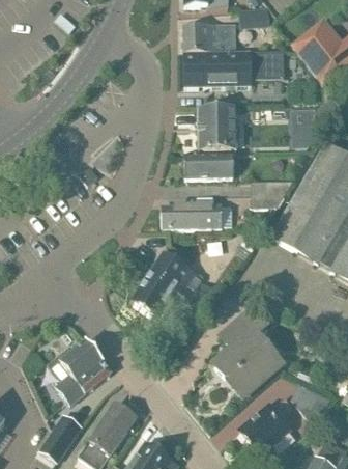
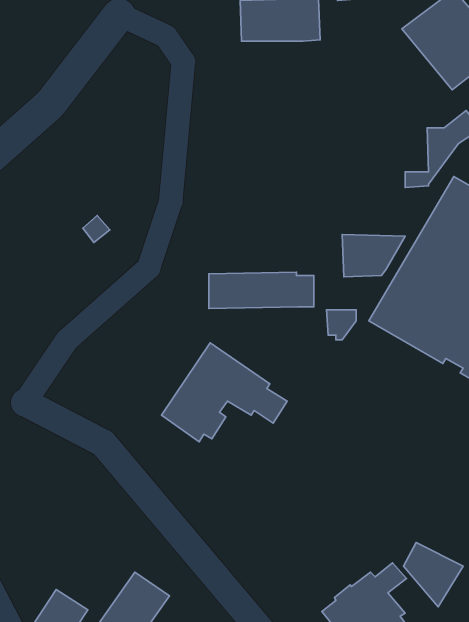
building: [185,49,283,85] -> none
building: [197,106,237,148] -> none
building: [184,153,234,176] -> none
building: [212,305,285,397] -> none
building: [54,339,111,405] -> none

